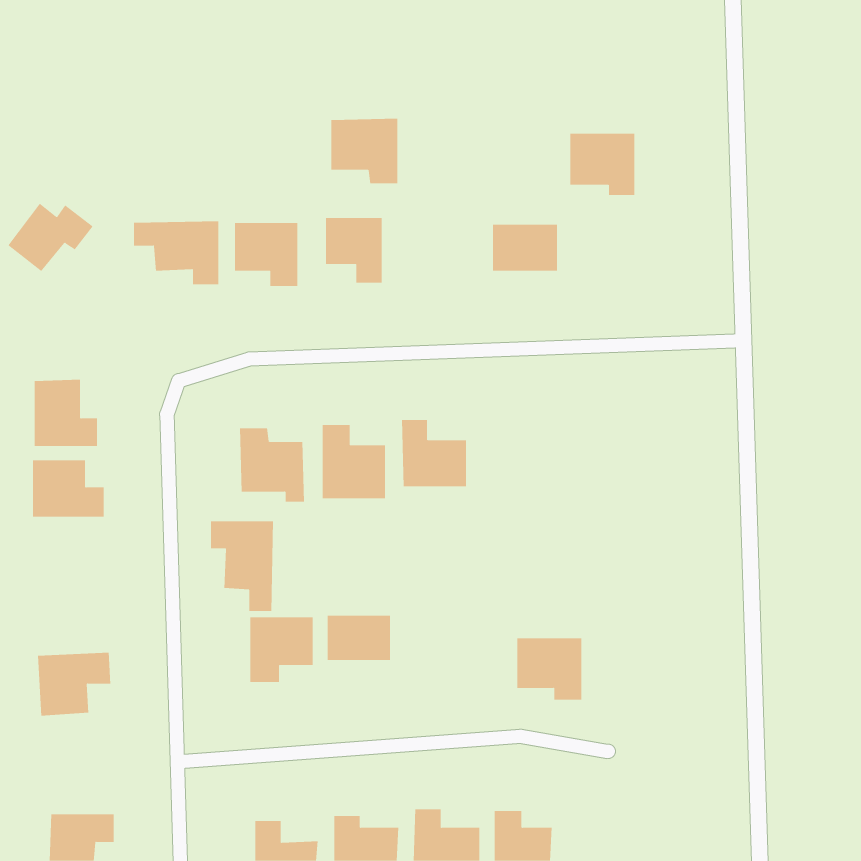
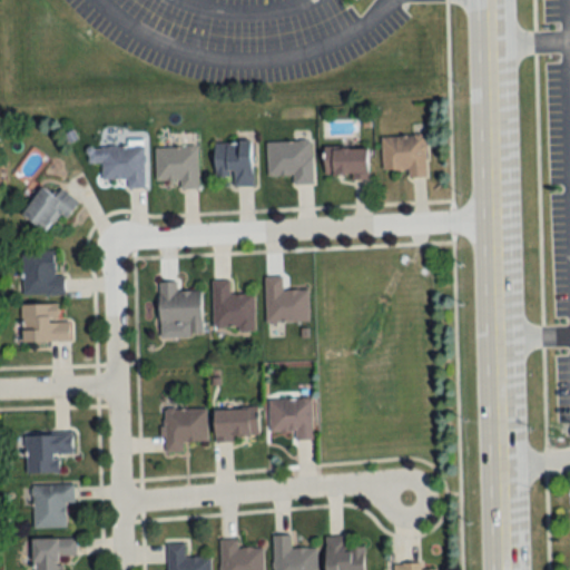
building: [331,118,398,184] -> [267,141,312,185]
building: [569,133,635,195] -> [382,137,425,178]
building: [8,203,94,272] -> [22,187,79,233]
building: [211,520,274,612] -> none
building: [517,638,582,700] -> [269,396,313,438]
building: none -> [32,483,75,527]

